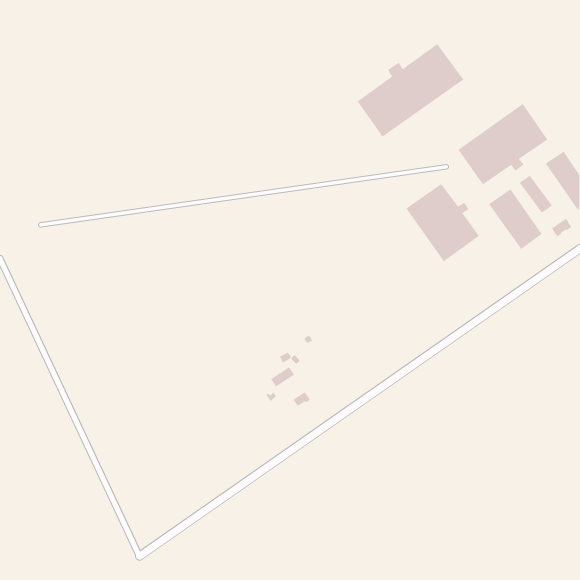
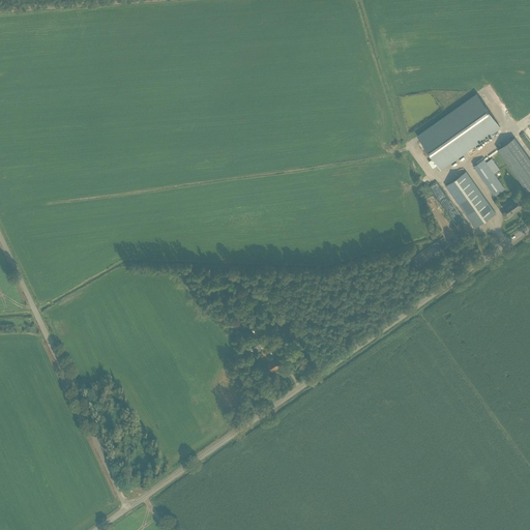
building: [357,43,464,138] -> none
building: [406,183,480,262] -> none

